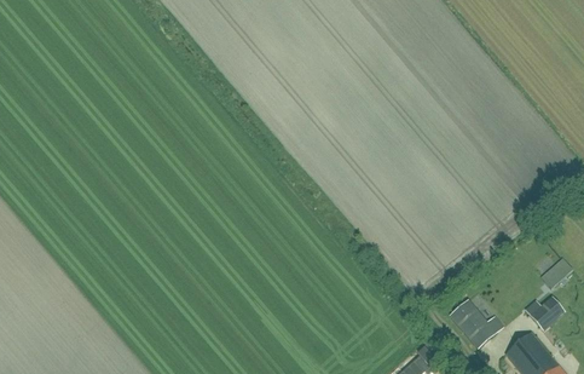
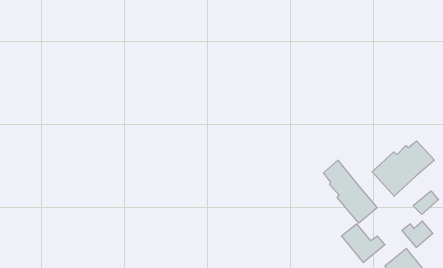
building: none -> [372,141,434,196]
building: none -> [324,160,377,223]

